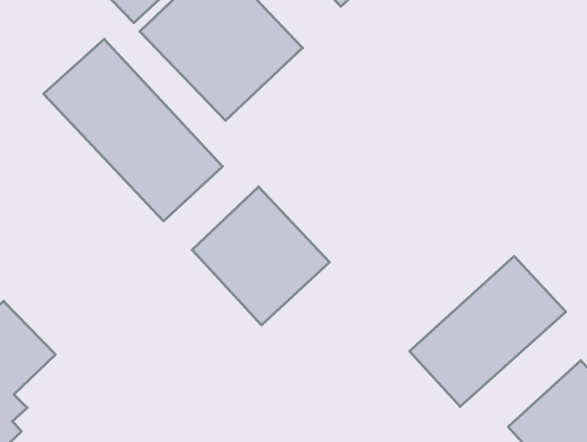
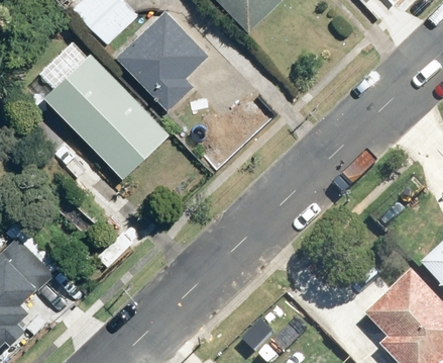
building: [192,187,329,325] -> none
building: [410,256,566,407] -> none

